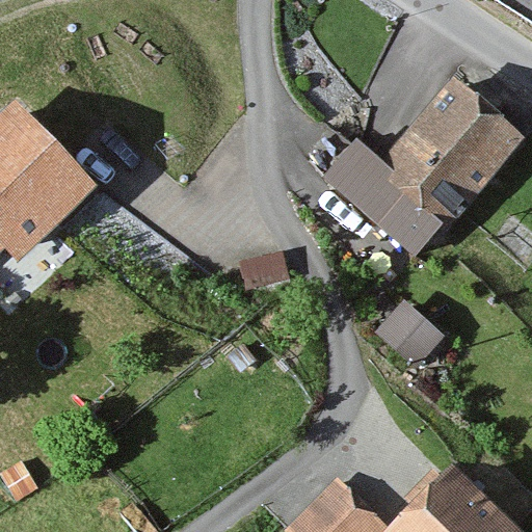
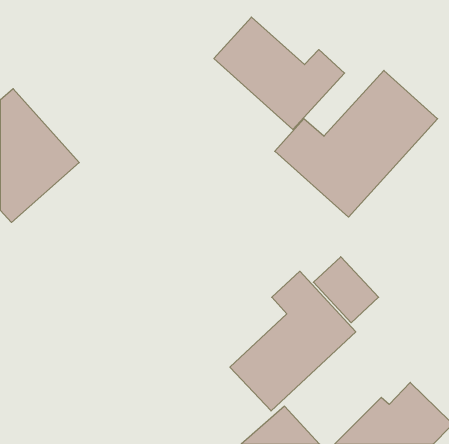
building: none -> [214,17,345,130]
building: none -> [230,271,356,411]

